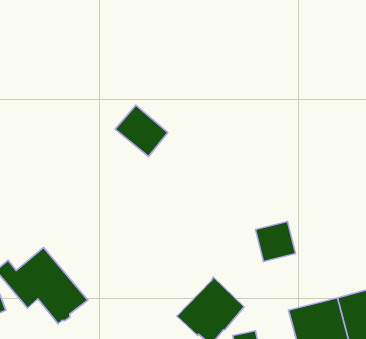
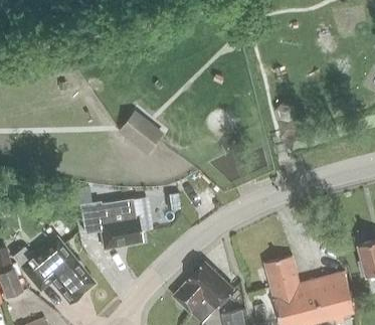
building: none -> [85,204,142,250]
building: [255,221,295,261] -> [264,257,300,292]

